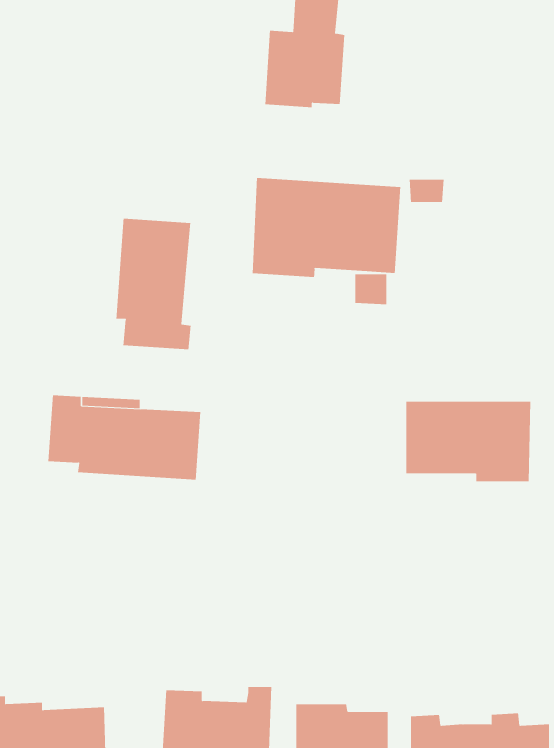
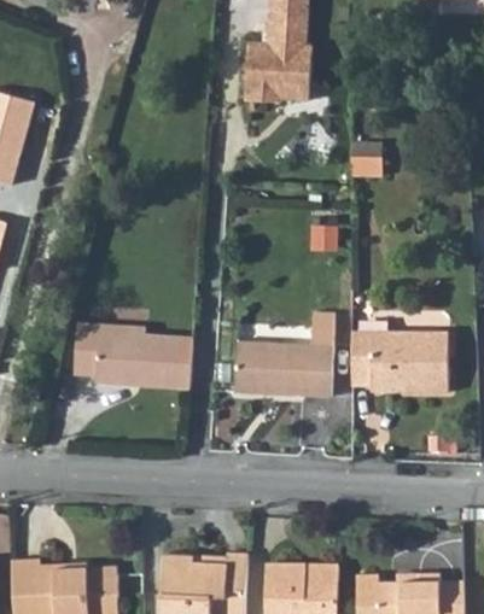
building: [252,177,401,278] -> none
building: [116,218,191,350] -> none
building: none -> [235,306,336,394]

